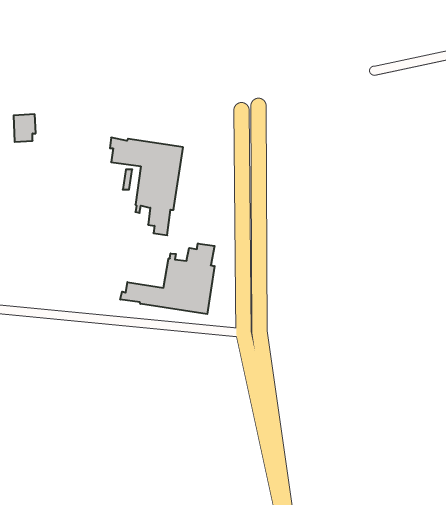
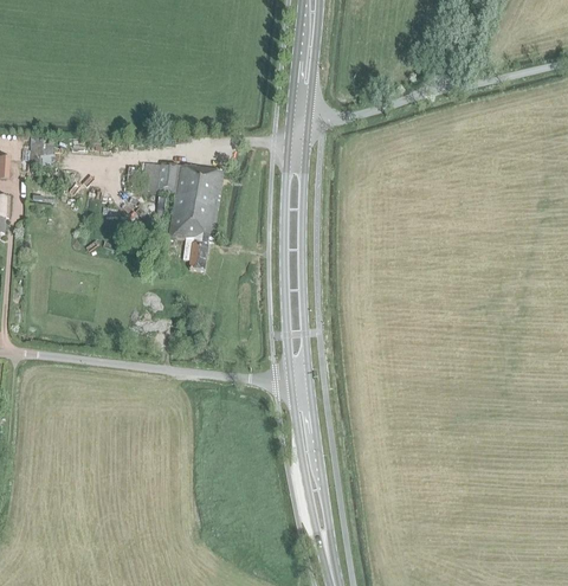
building: [120,243,215,314] -> none

